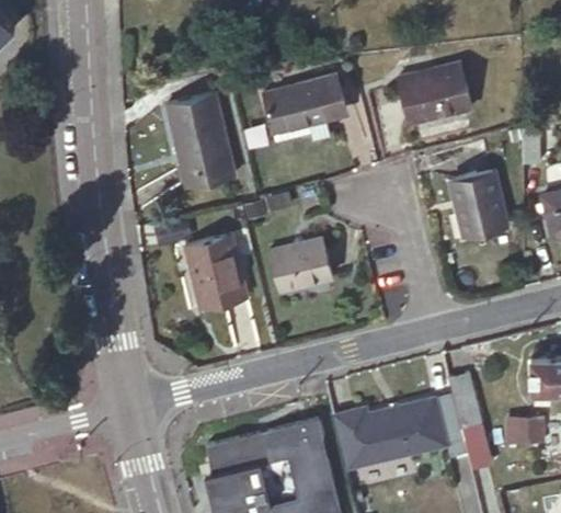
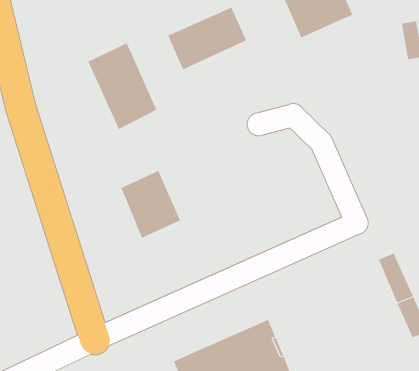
building: [450,168,504,235] -> none
building: [266,237,331,289] -> none
building: [334,399,447,469] -> none

